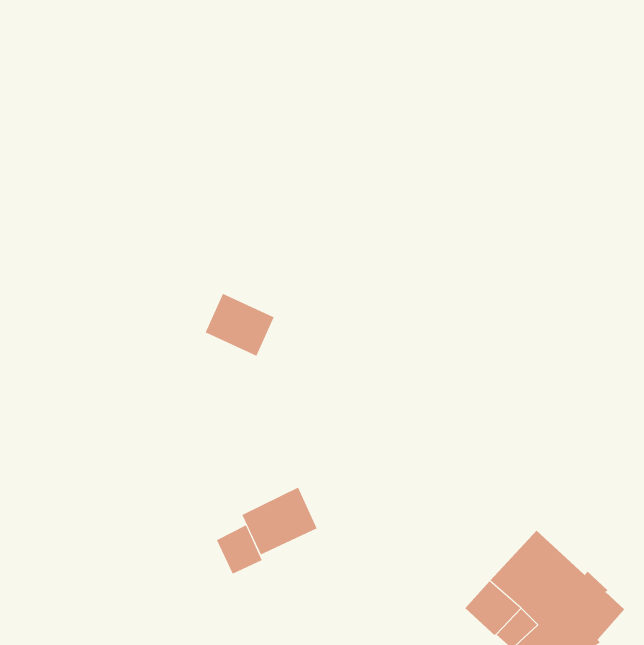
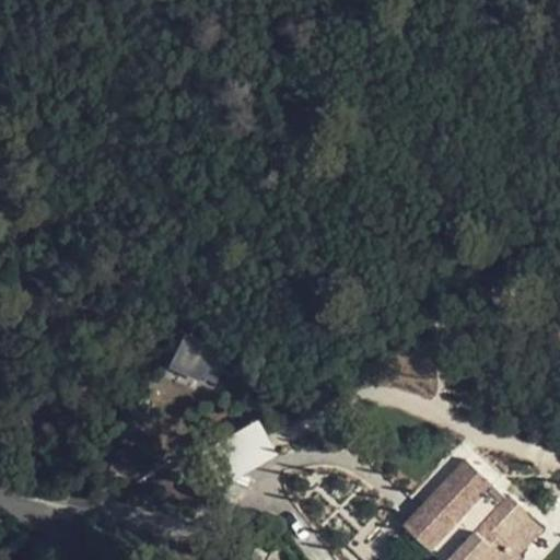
building: [205,293,274,357] -> [167,334,228,388]
building: [216,525,262,575] -> none

